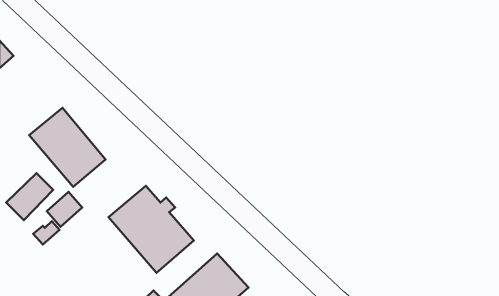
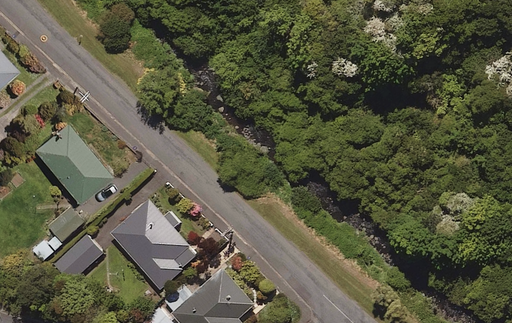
building: [6,173,53,220] -> [55,235,103,283]

